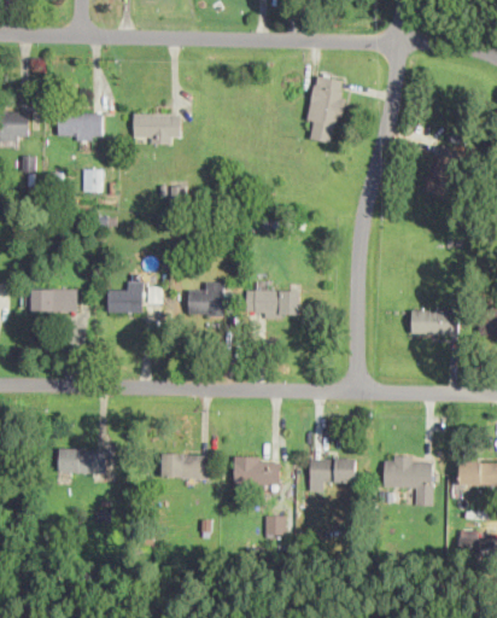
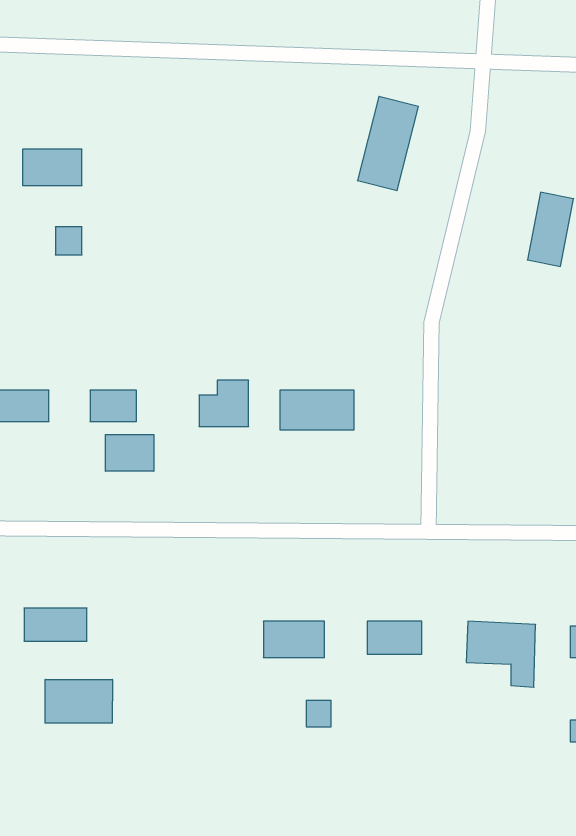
building: [133,115,180,144] -> none
building: [410,310,456,334] -> none
building: none -> [105,435,154,471]
building: [162,454,207,478] -> none
building: none -> [45,679,112,723]

